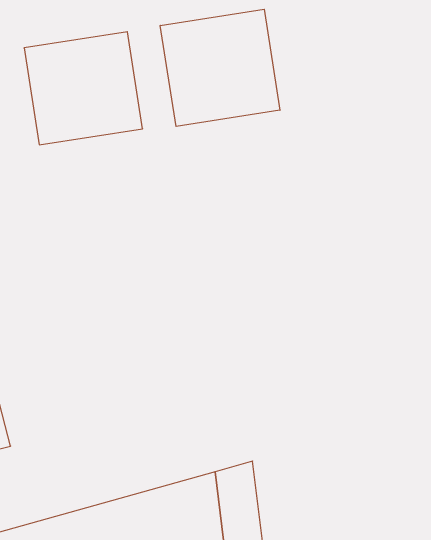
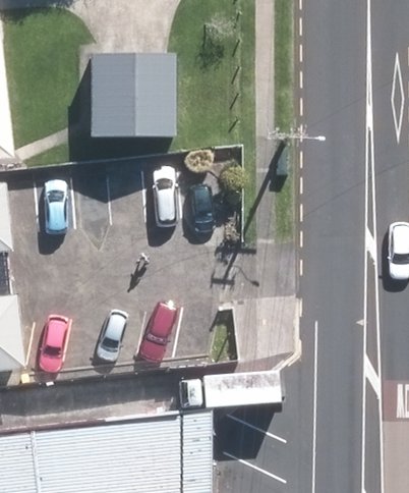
building: [160,9,280,126] -> none

